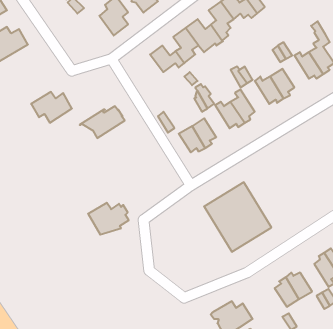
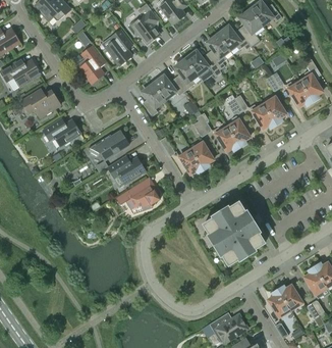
building: none -> [79,45,105,83]
building: none -> [142,83,165,115]
building: none -> [21,88,60,117]
building: none -> [107,155,146,183]
building: [88,203,129,235] -> [122,183,160,212]

